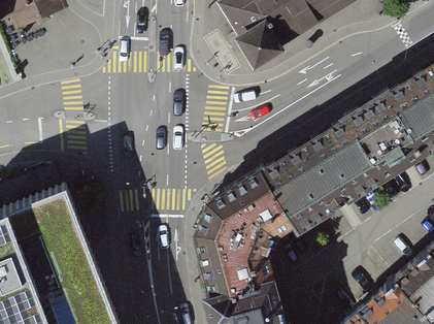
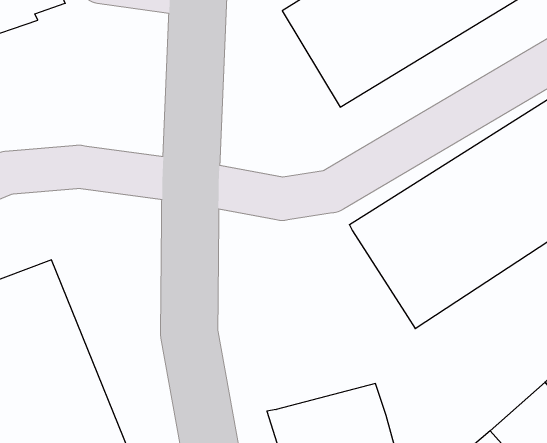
building: [195,159,297,280] -> none

